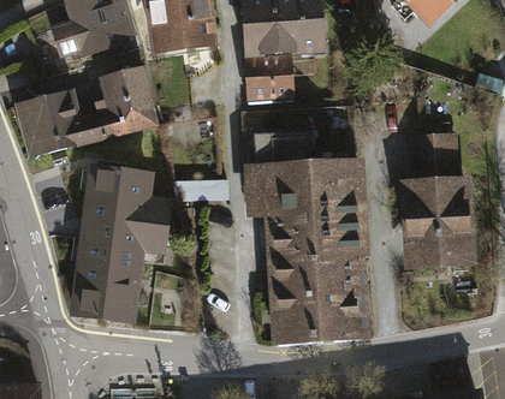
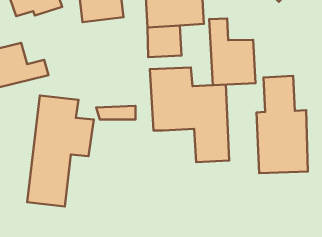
building: none -> [209,19,256,85]
building: [99,62,156,131] -> none
building: [268,207,363,339] -> none

